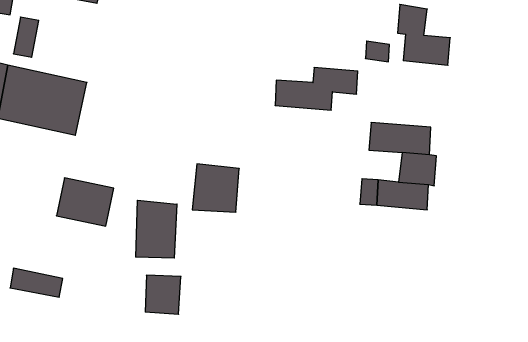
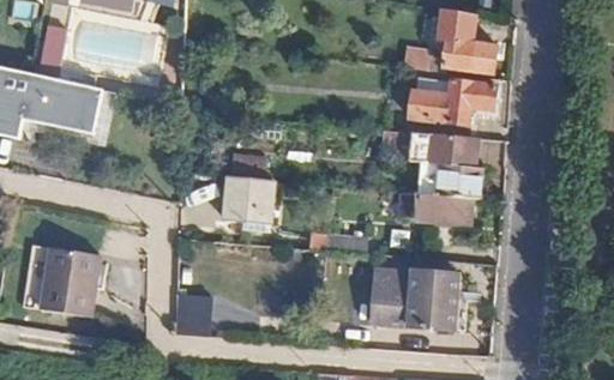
building: [275,68,358,110] -> [409,82,495,126]
building: [56,178,114,226] -> [37,246,97,296]
building: [136,200,177,258] -> none
building: none -> [371,269,459,328]

